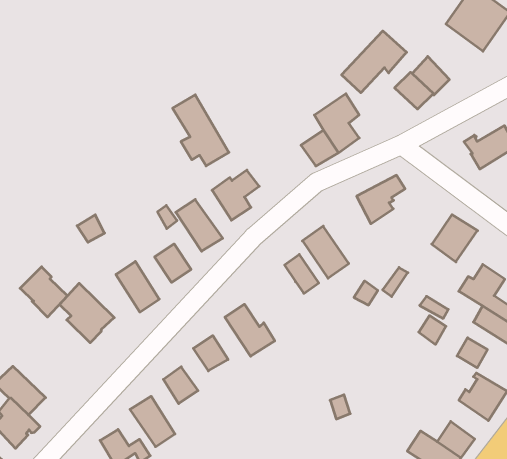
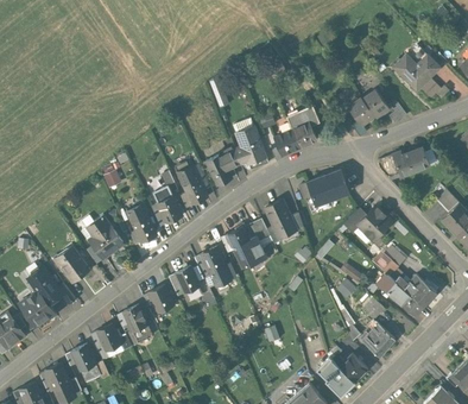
building: [342,31,407,93] -> none
building: [173,95,229,166] -> [232,119,267,171]
building: [20,267,67,317] -> [53,245,87,282]
building: none -> [226,228,264,266]

